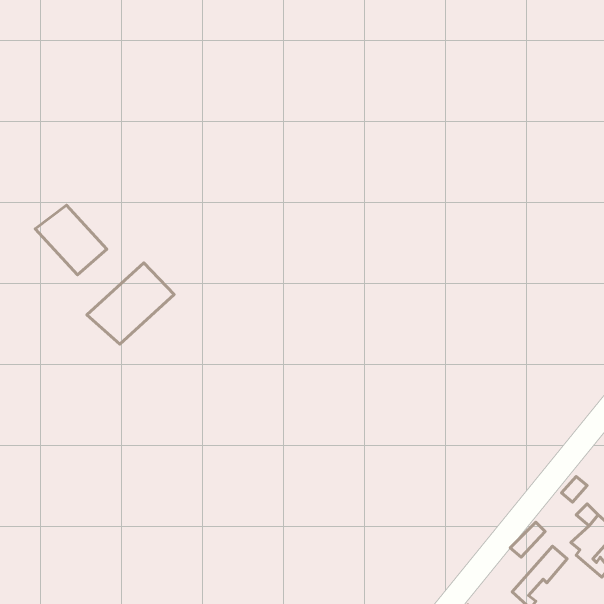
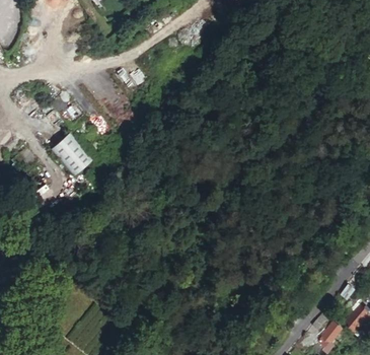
building: [87,263,174,344] -> none

